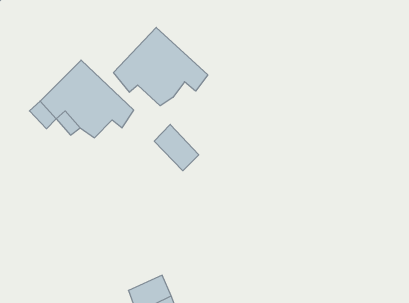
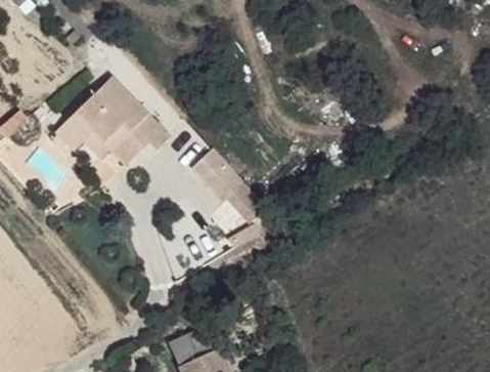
building: [114,27,208,106] -> none

